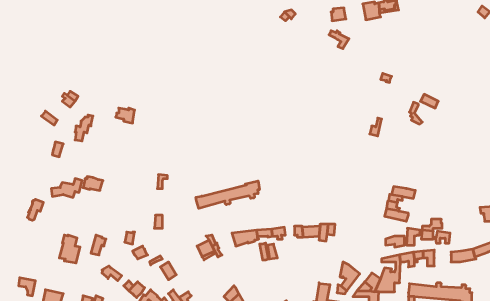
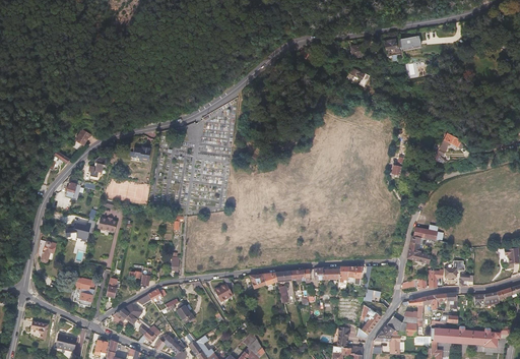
building: [196,181,259,208] -> none

